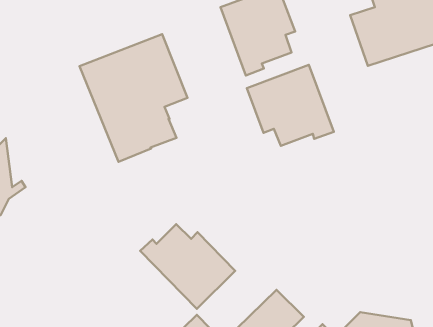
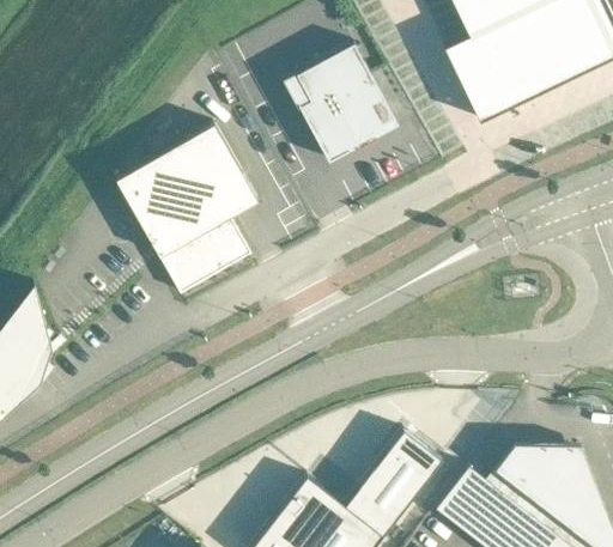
building: [247,65,334,146] -> none
building: [140,224,235,309] -> none

